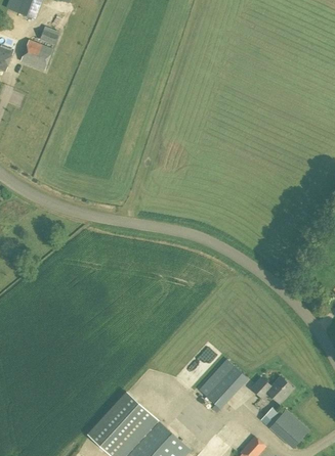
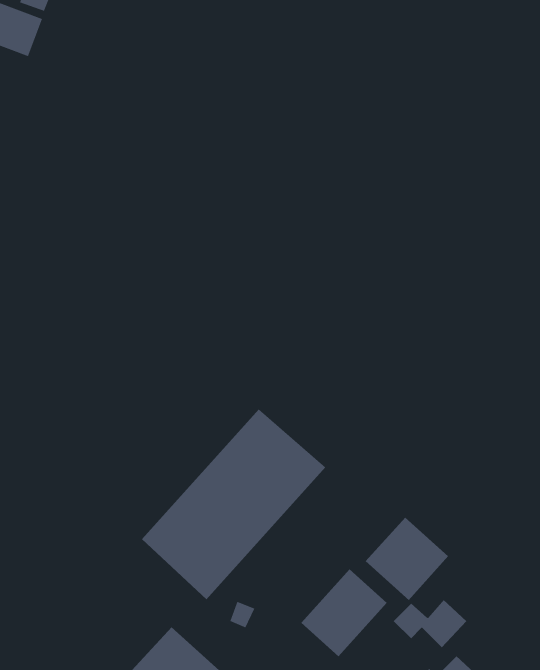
building: none -> [141,409,326,600]
building: none -> [365,517,449,601]

